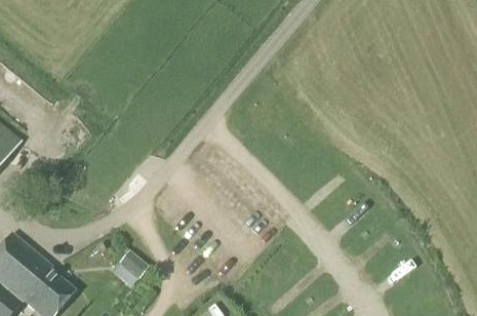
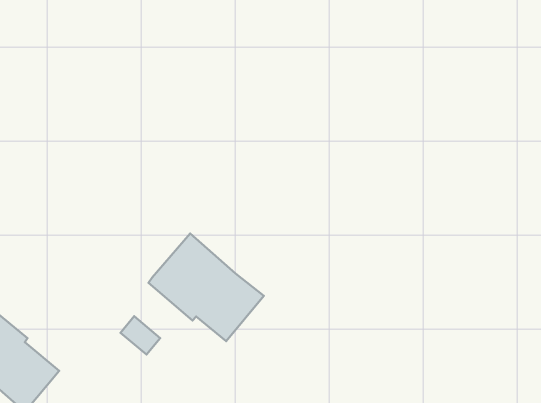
building: none -> [148,233,264,341]

